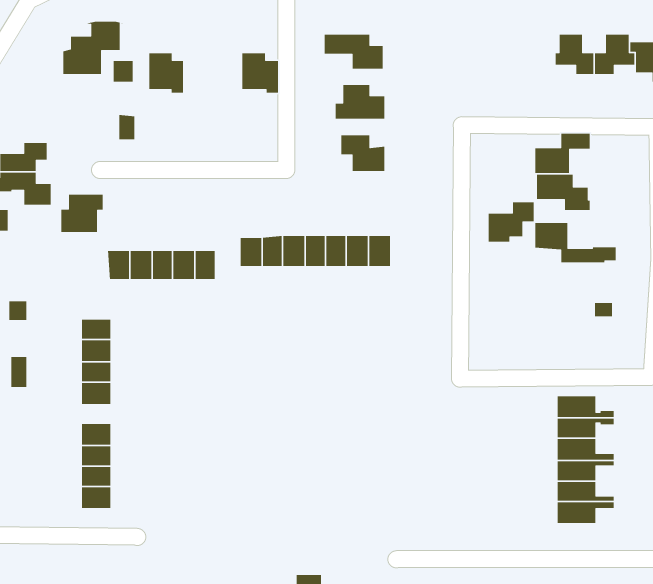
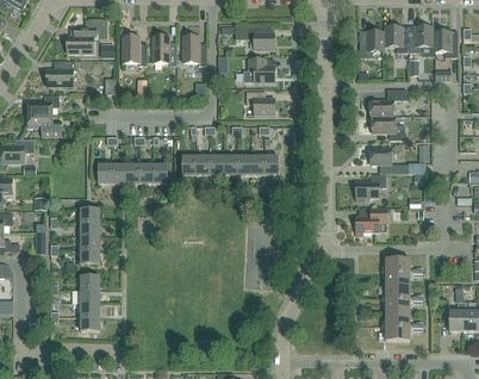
building: none -> [360,31,386,57]
building: none -> [154,38,176,64]
building: [61,194,103,233] -> [49,60,76,85]
building: [488,202,534,243] -> [356,174,386,200]
building: none -> [356,209,386,235]

